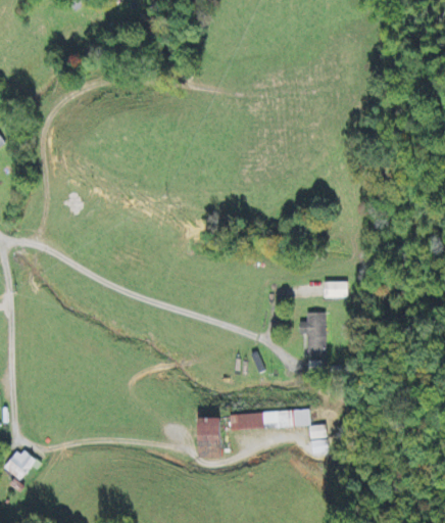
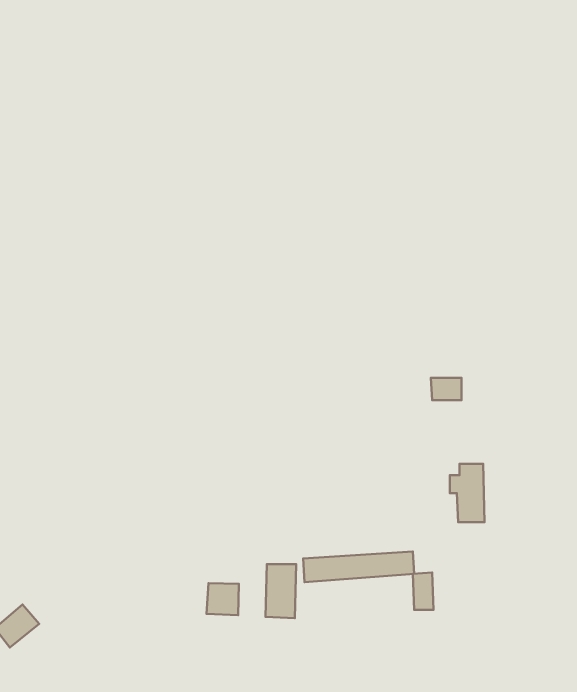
building: [299,313,325,355] -> [450,464,485,522]
building: none -> [206,583,239,615]

